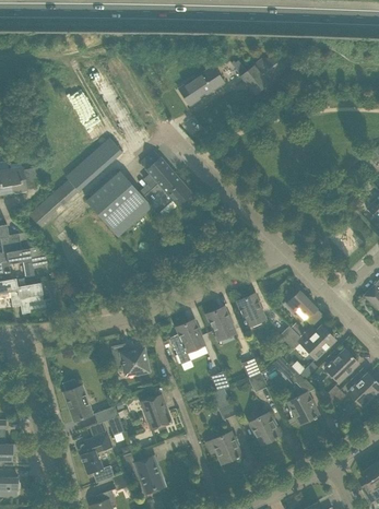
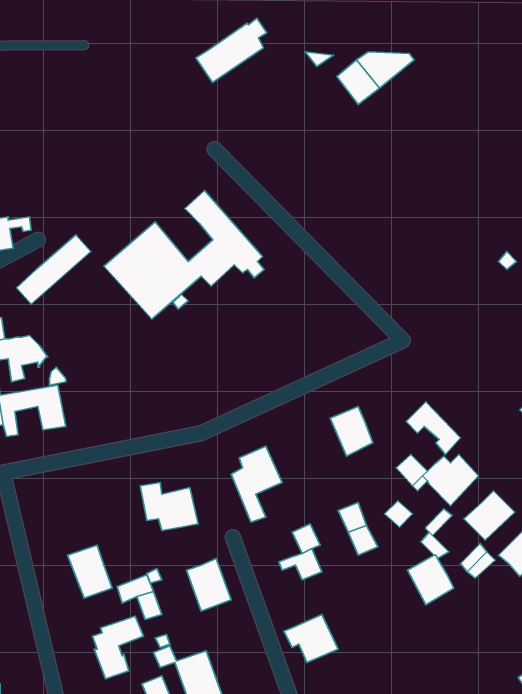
building: [178,62,225,105] -> [196,18,267,82]
building: [66,138,121,191] -> none
building: [205,307,236,341] -> none
building: [249,413,280,446] -> none

